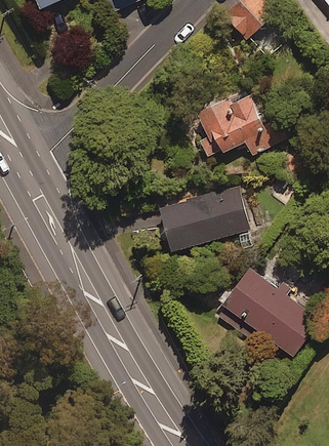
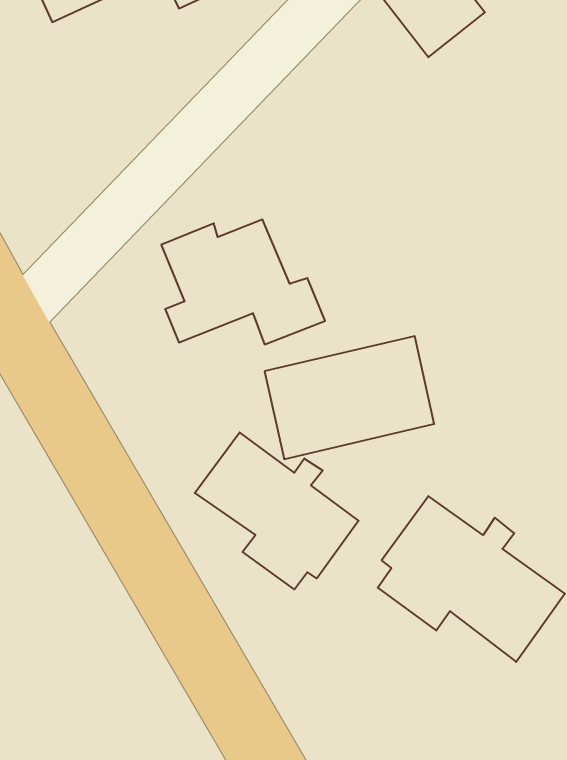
building: [197,90,283,156] -> [161,220,325,344]
building: none -> [195,432,359,589]

